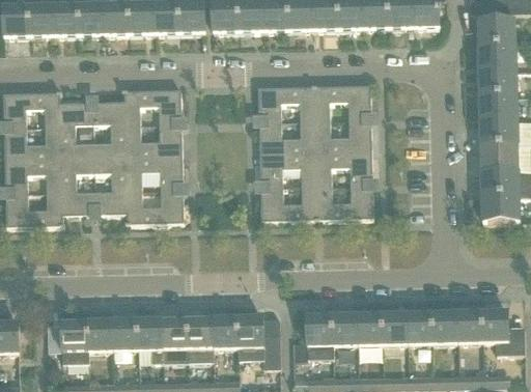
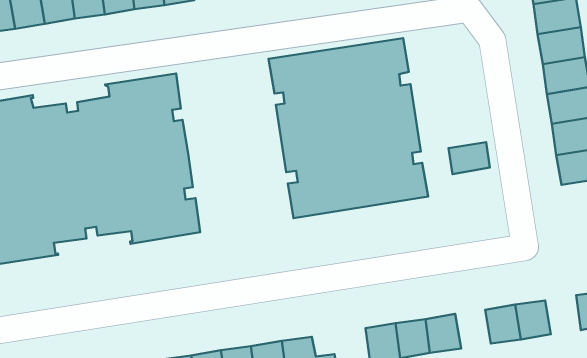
building: none -> [448,142,490,174]
building: [456,312,482,341] -> none
building: [382,314,408,343] -> none

